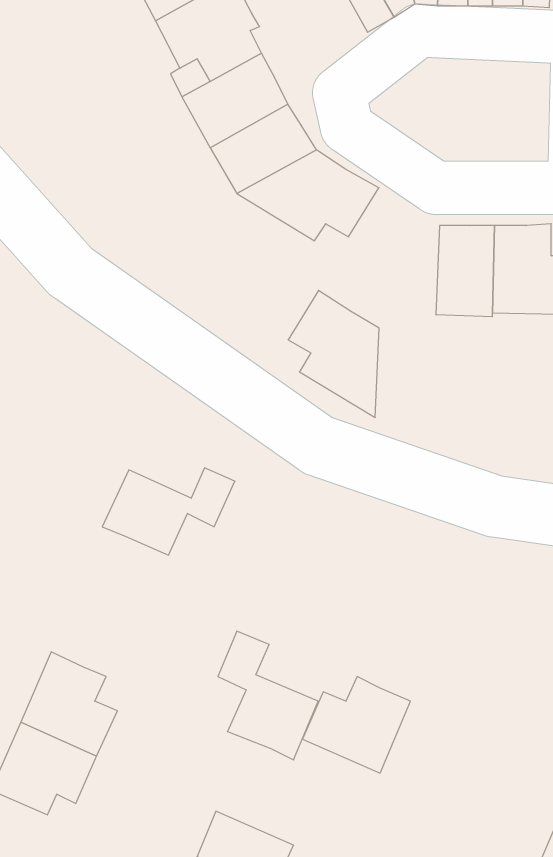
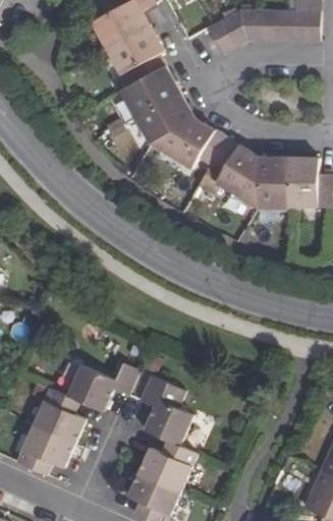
building: [288,290,379,417] -> [210,138,259,207]
building: [102,468,235,555] -> [67,364,138,411]
building: [302,677,410,773] -> [138,440,197,491]

